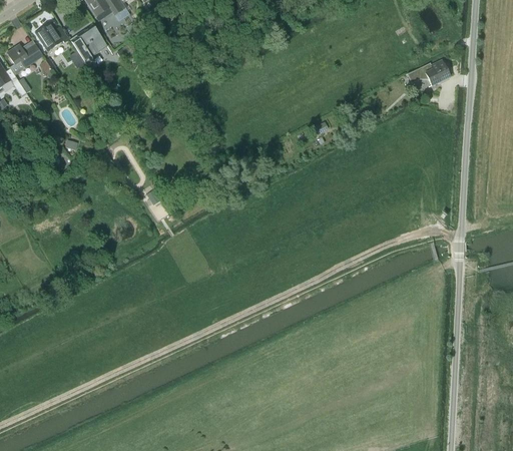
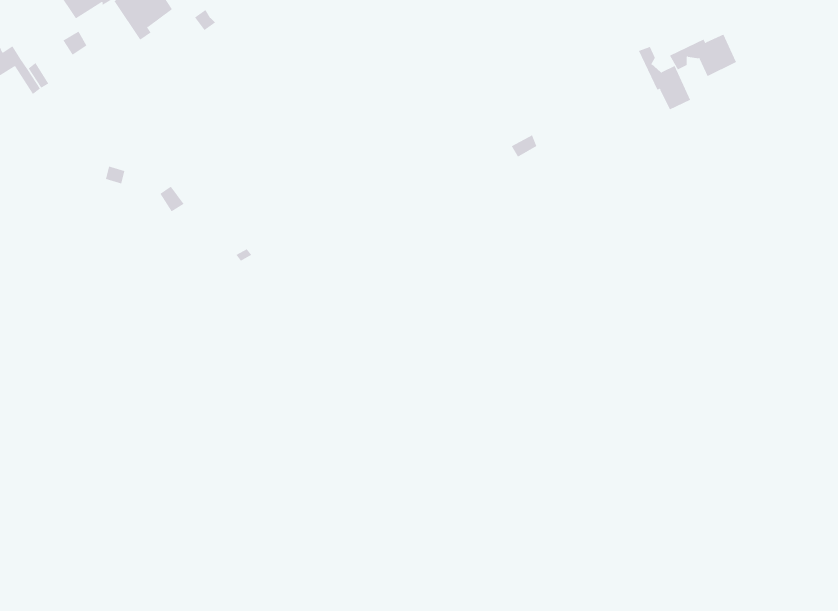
building: [6,44,42,75] -> none
building: none -> [638,46,691,110]

